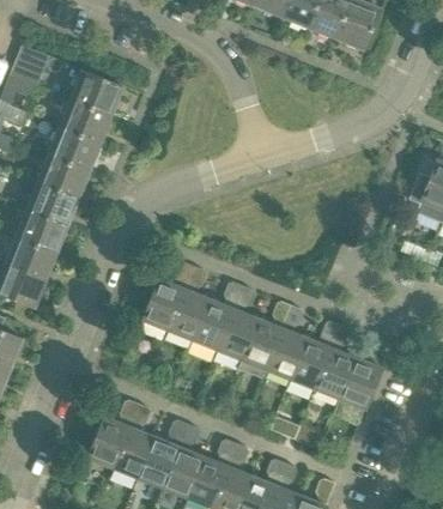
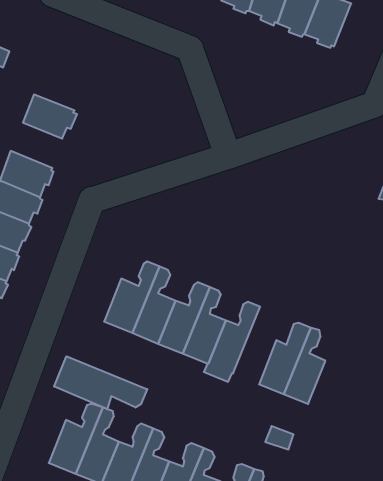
building: [72,71,125,114] -> none
building: [49,126,102,170] -> none
building: [266,305,308,381] -> none
building: [339,340,389,410] -> none
building: none -> [54,356,147,409]

